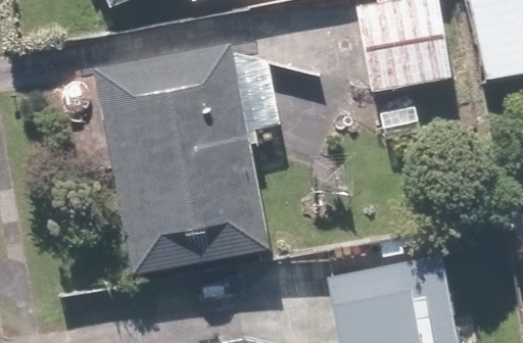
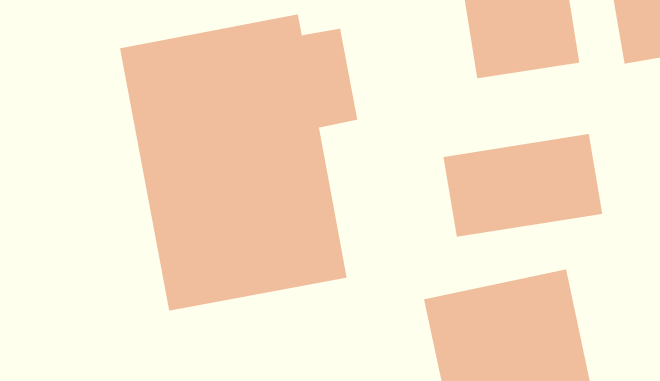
building: none -> [443,133,603,238]

